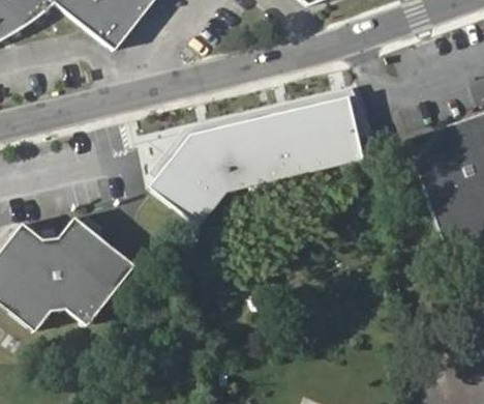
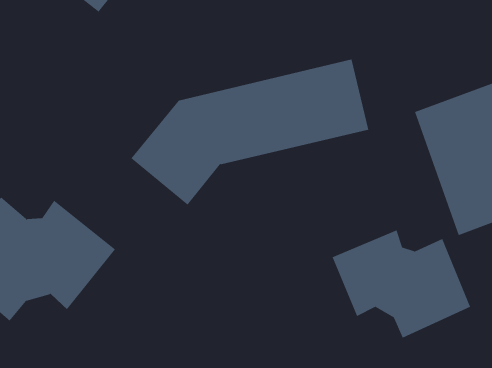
building: none -> [332,229,471,339]

